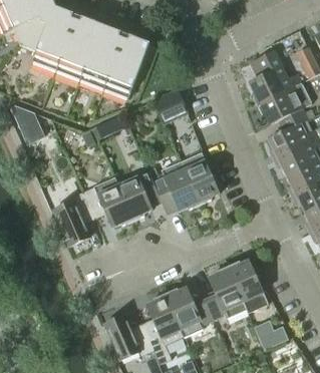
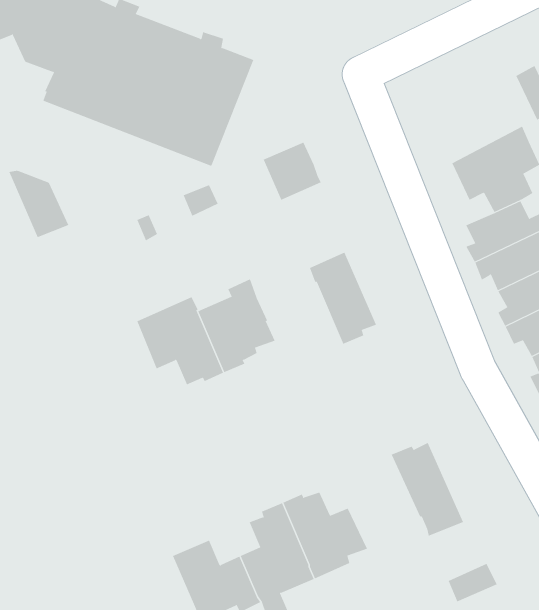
building: [250,51,301,102] -> none
building: [148,161,200,211] -> none
building: [53,192,94,246] -> none
building: [203,267,247,320] -> none

